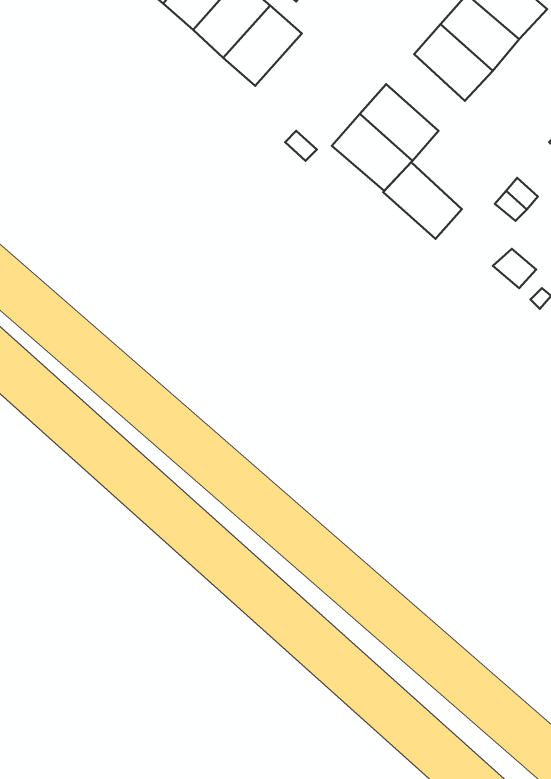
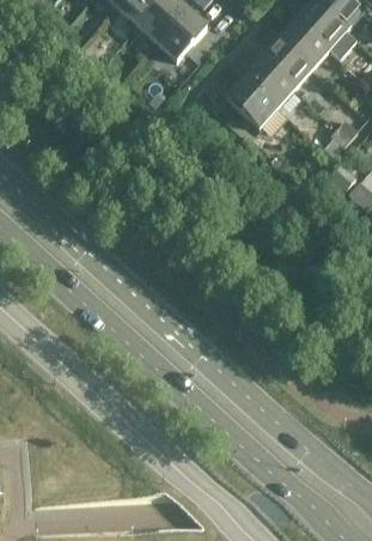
building: [383,162,462,239] -> [261,38,311,87]

